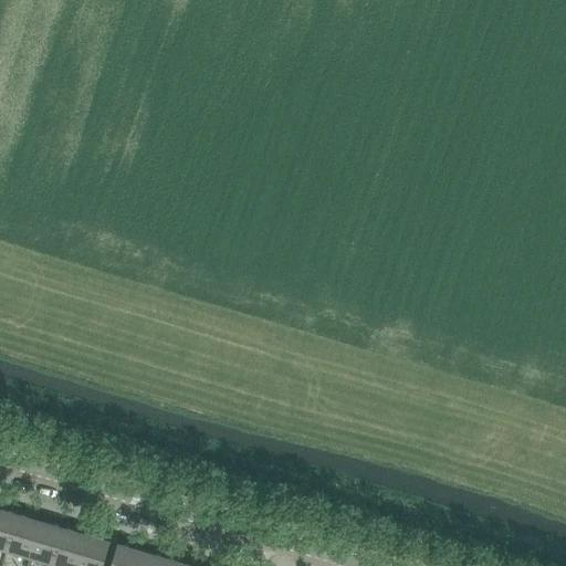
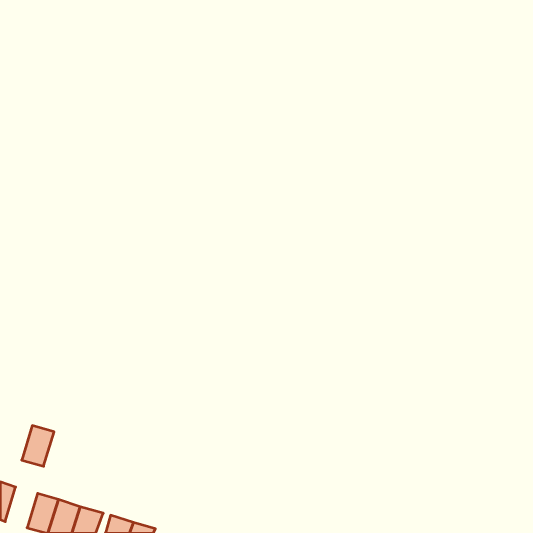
building: [6,516,40,559] -> [22,426,54,466]

